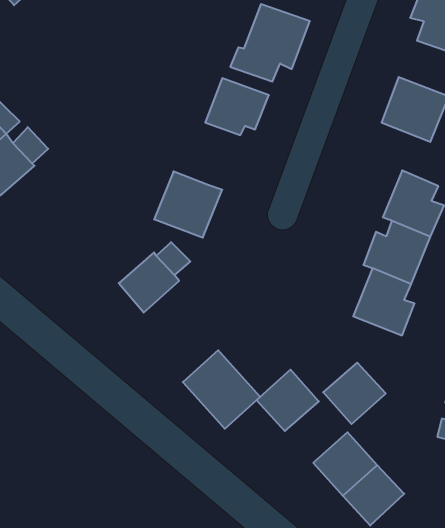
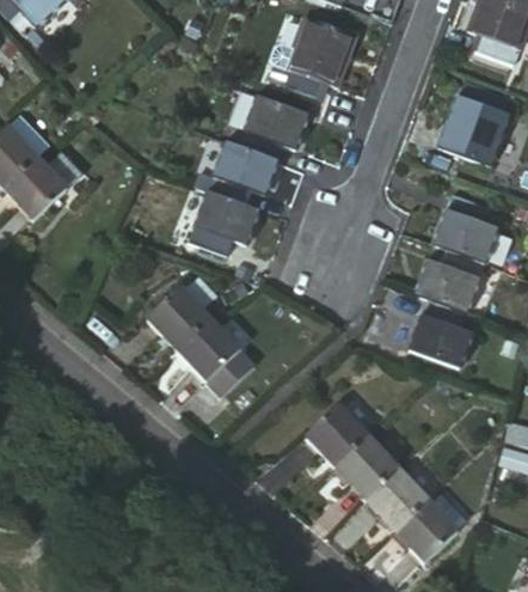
building: none -> [213,139,283,208]
building: [183,350,260,429] -> [182,309,263,391]
building: [323,363,386,424] -> [330,435,395,500]

